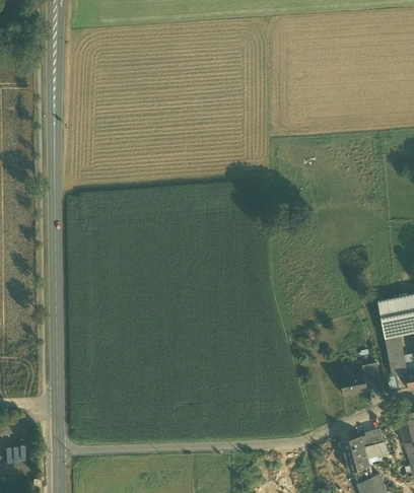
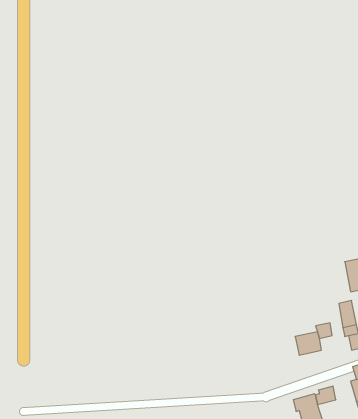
building: [378,299,400,343] -> none

